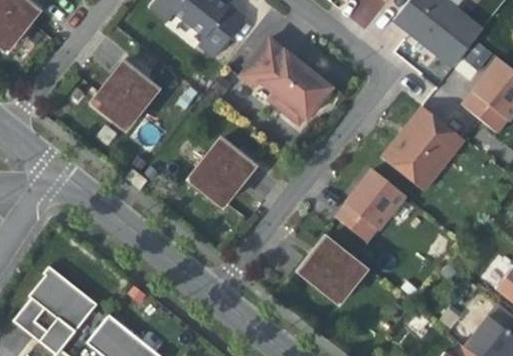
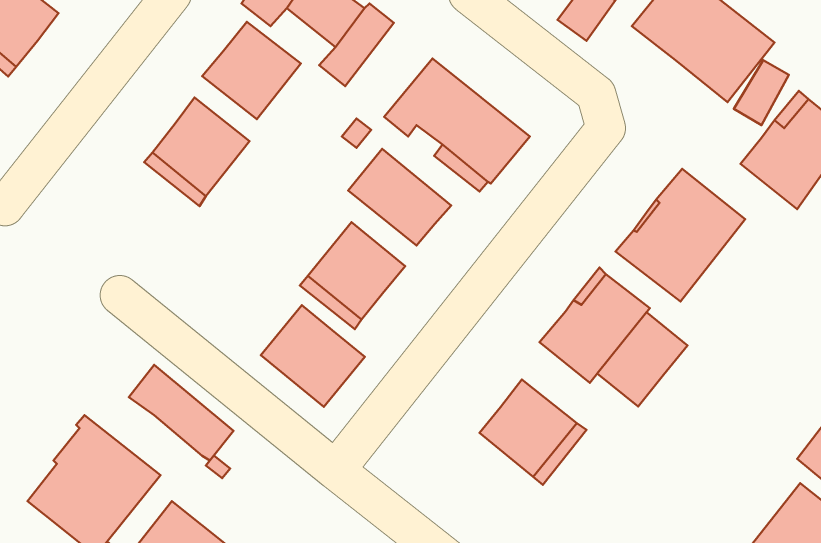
building: none -> [202,22,301,119]
building: none -> [348,149,451,245]
building: none -> [261,305,365,407]
building: none -> [597,312,687,406]
building: none -> [129,365,234,461]

